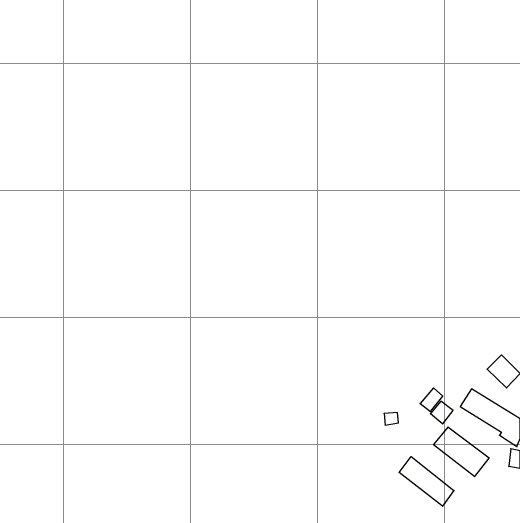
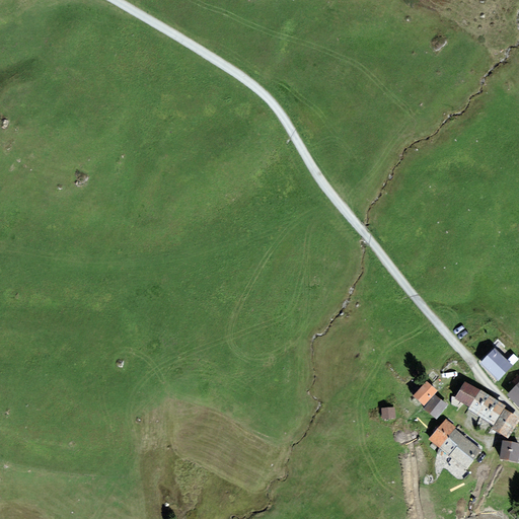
building: [399,457,454,506] -> none

